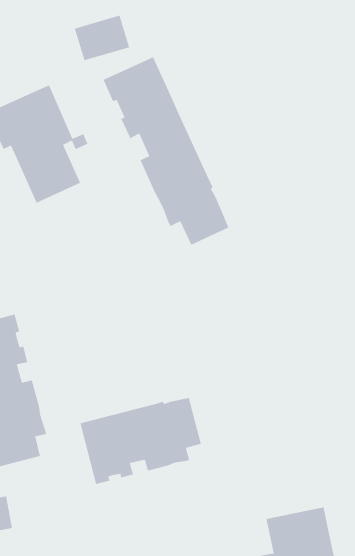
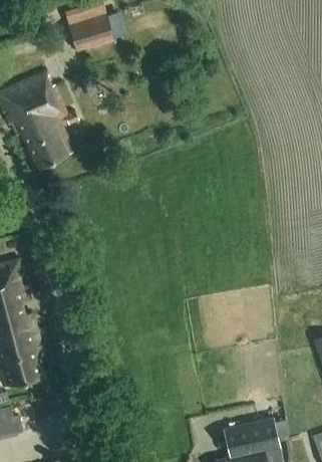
building: [102,56,229,246] -> none
building: [79,397,202,485] -> none

